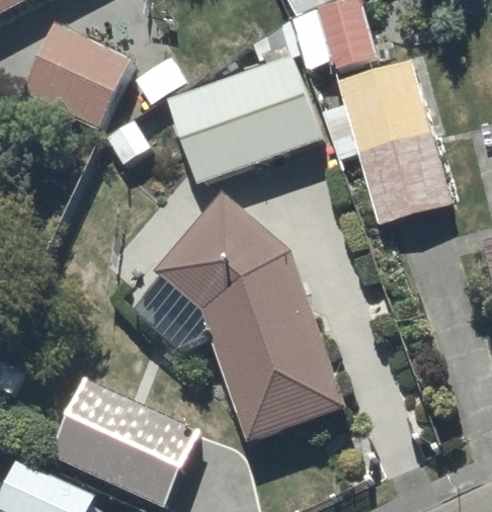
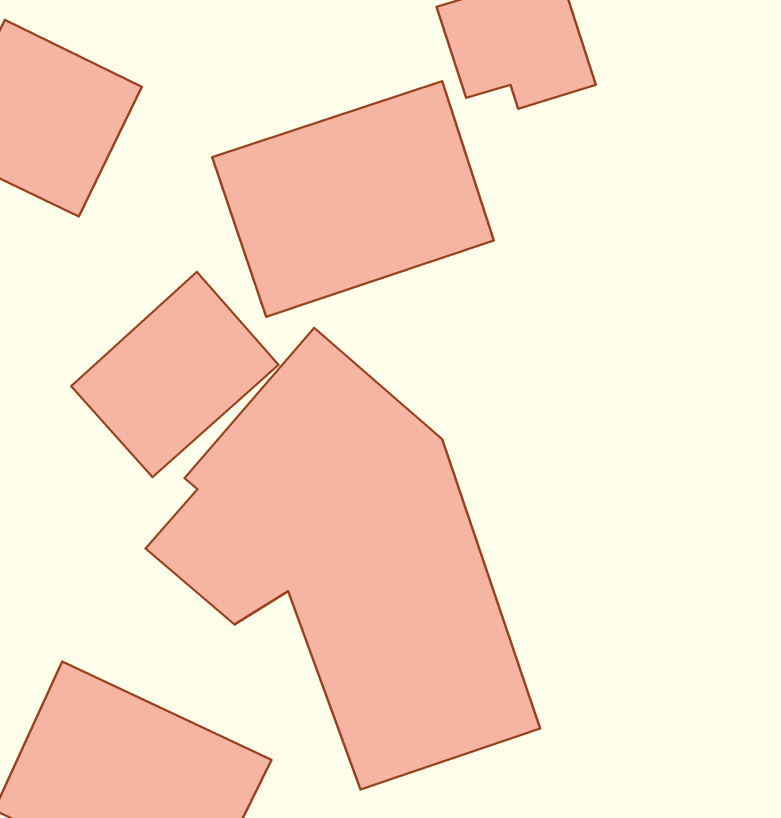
building: [336,56,453,223] -> none
building: none -> [71,272,279,477]

